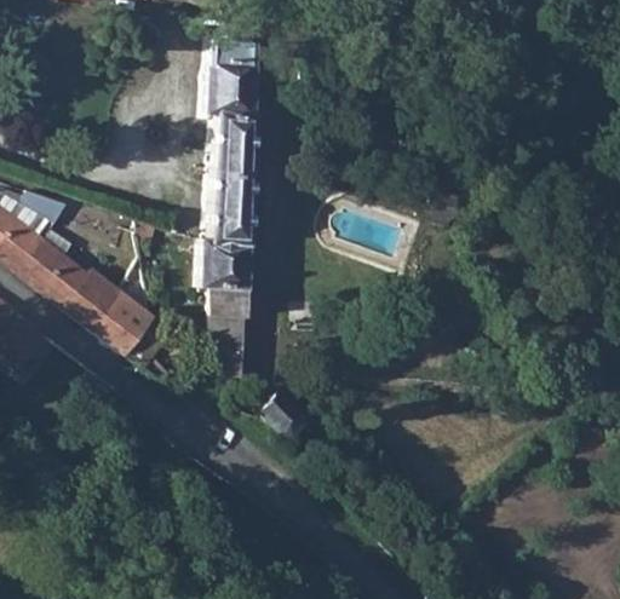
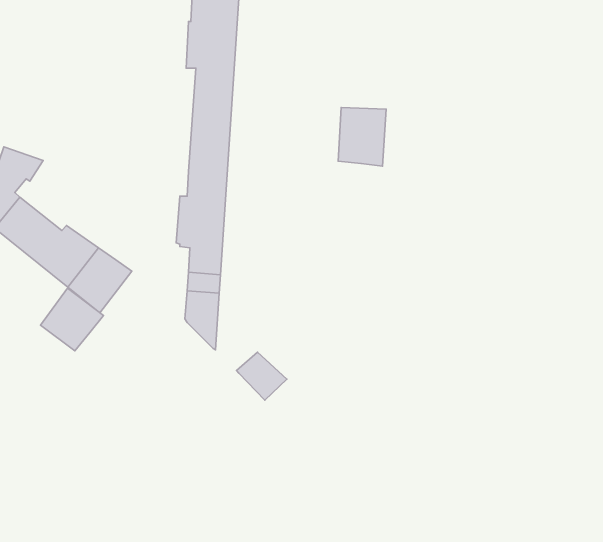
building: none -> [338,107,386,166]
building: none -> [40,288,104,351]

